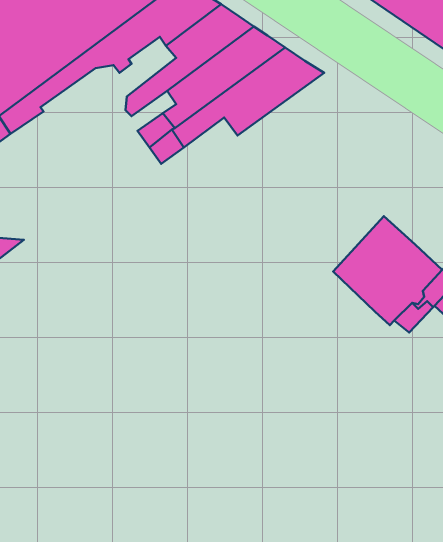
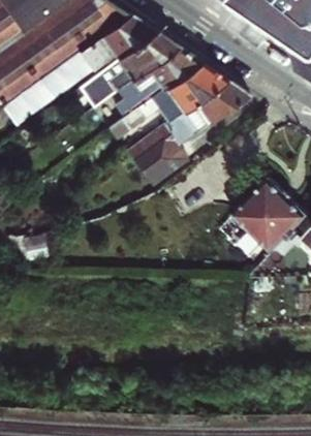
building: none -> [126,79,248,186]

